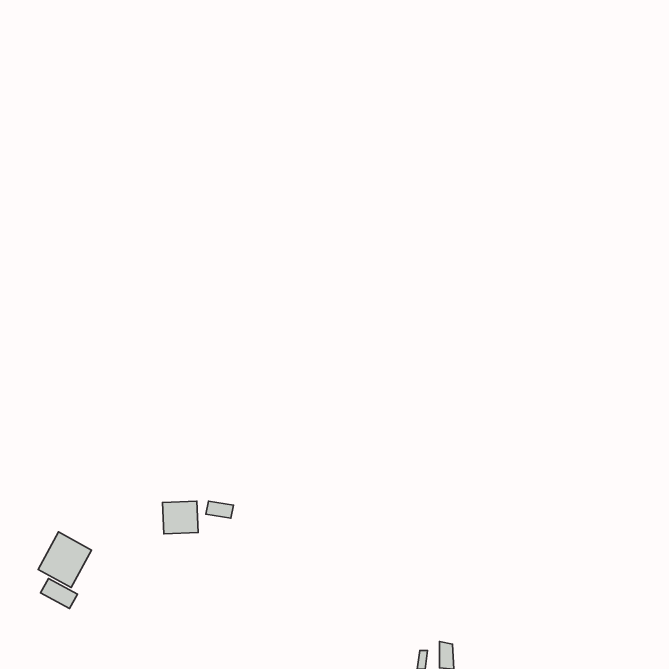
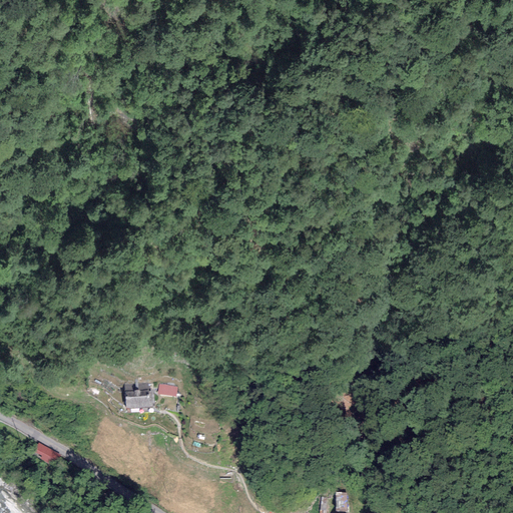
building: [38,532,91,588] -> none

